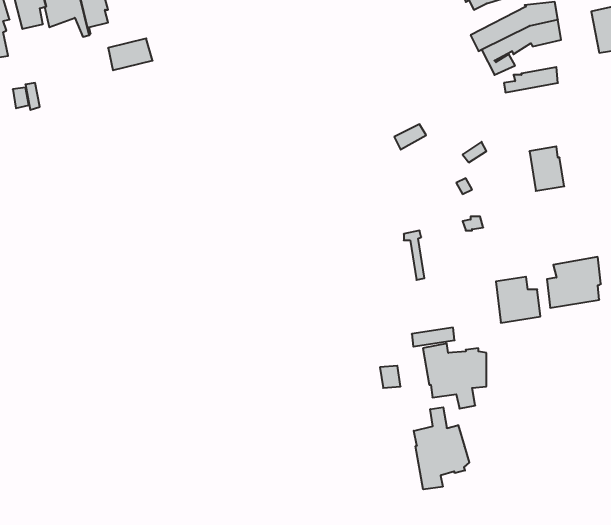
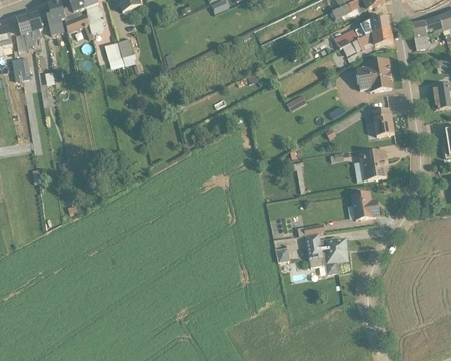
building: none -> [357,68,392,91]
building: [547,257,601,308] -> [354,149,388,182]
building: [414,407,469,489] -> none

